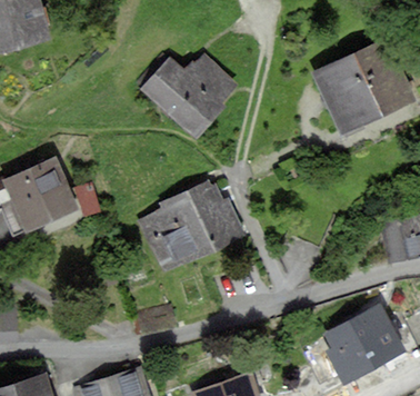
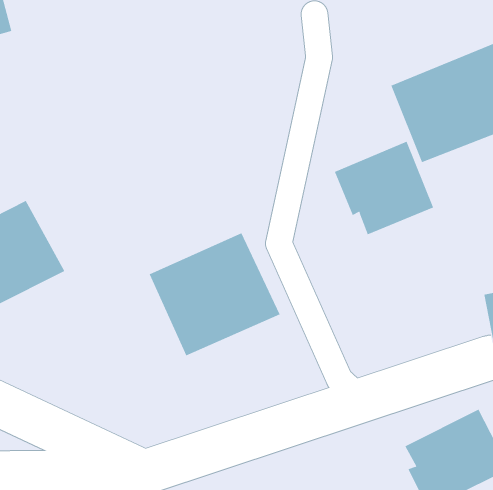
building: [143,56,231,133] -> none
building: none -> [334,141,434,235]

